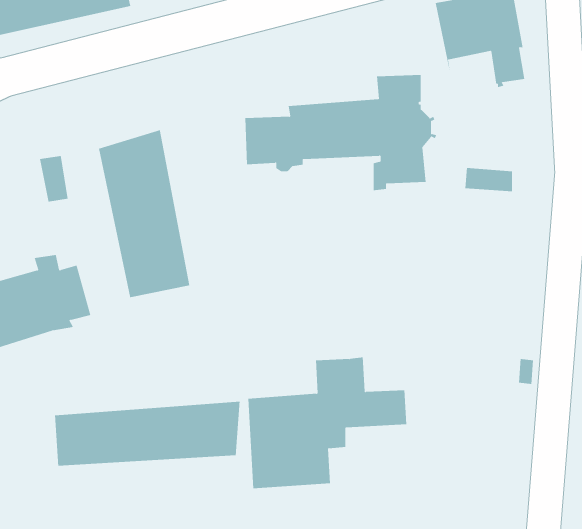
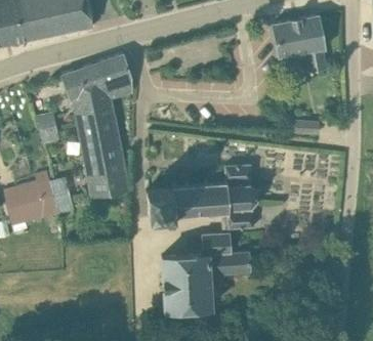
building: none -> [63,54,131,110]
building: [244,75,437,191] -> [147,165,260,233]
building: [55,401,240,467] -> none

